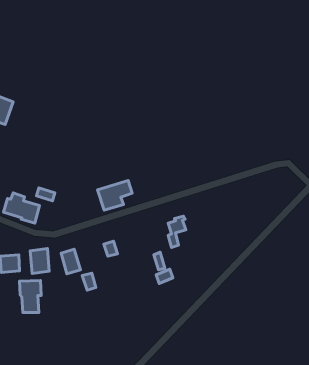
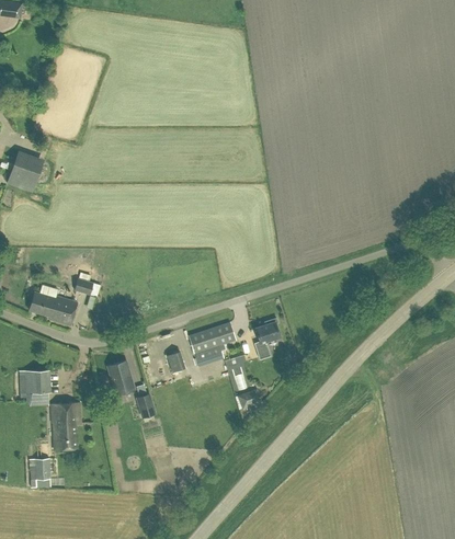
building: [98,180,132,210] -> [187,322,235,363]
building: [30,249,49,274] -> none
building: none -> [29,458,50,488]

